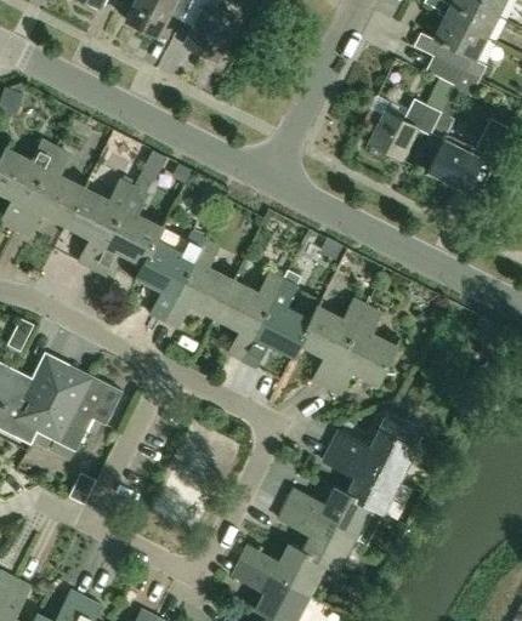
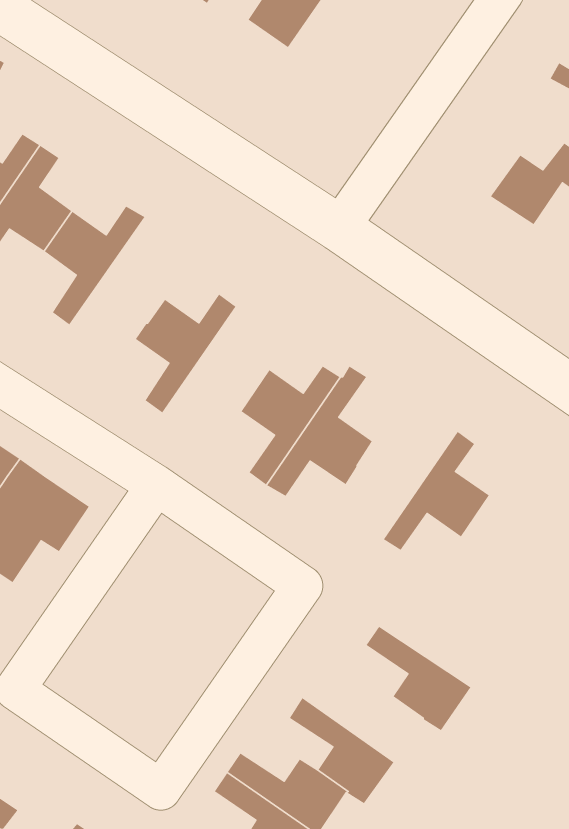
building: [91,173,161,274] -> none
building: [163,240,232,327] -> none
building: [301,298,367,387] -> none
building: [330,411,418,480] -> none
building: [284,486,369,539] -> none

